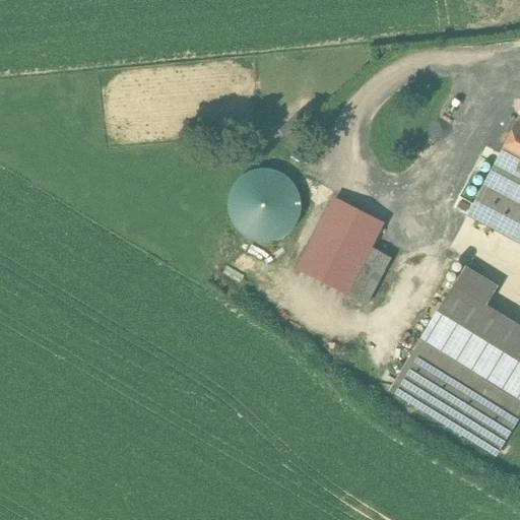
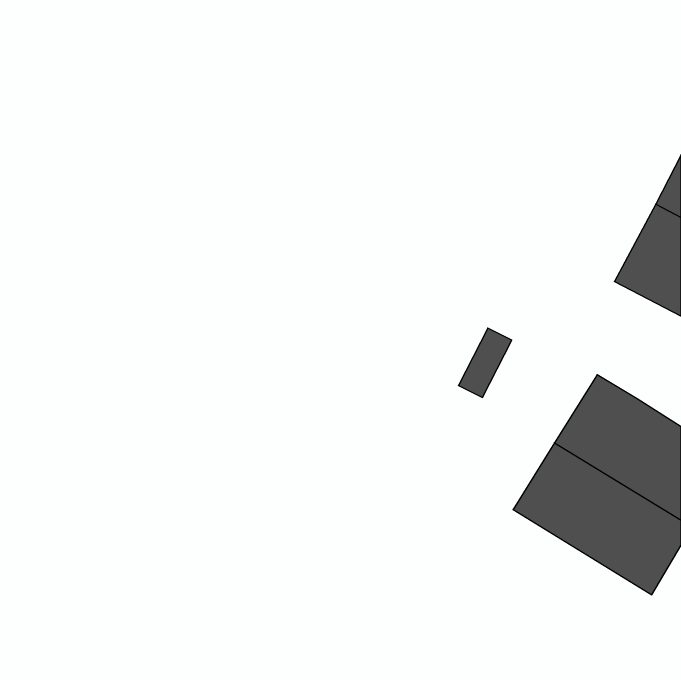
building: [229,168,302,241] -> none
building: [301,202,381,289] -> none
building: [455,266,498,304] -> none

